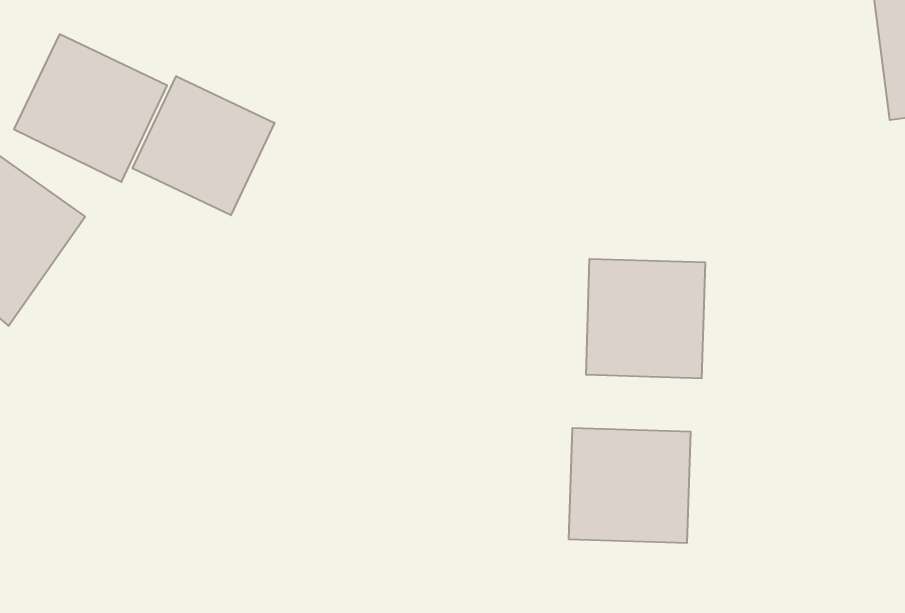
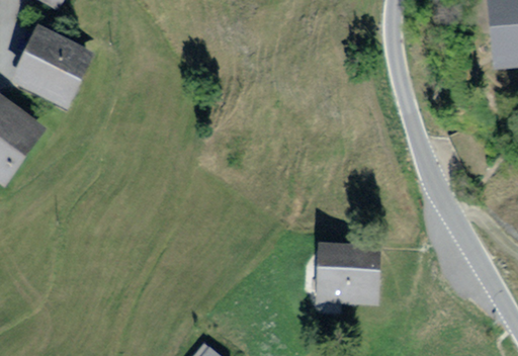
building: [133,76,275,215] -> none
building: [586,259,705,378] -> none

